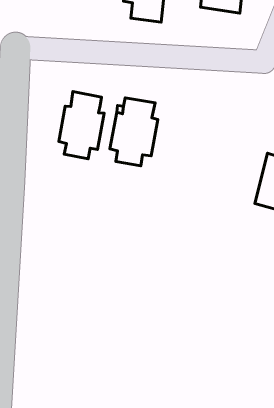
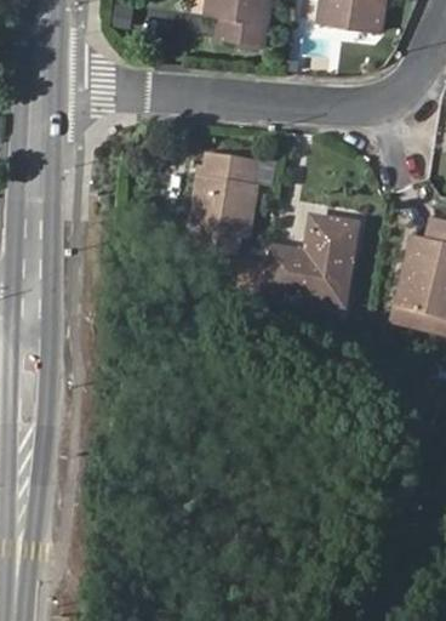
building: [59,92,104,159] -> none
building: none -> [264,217,355,303]

